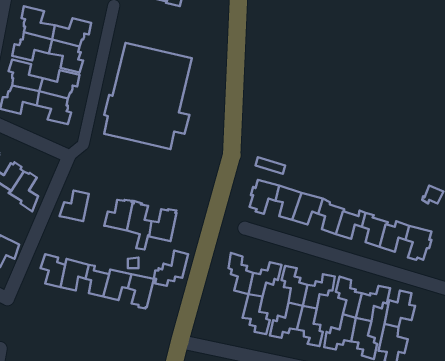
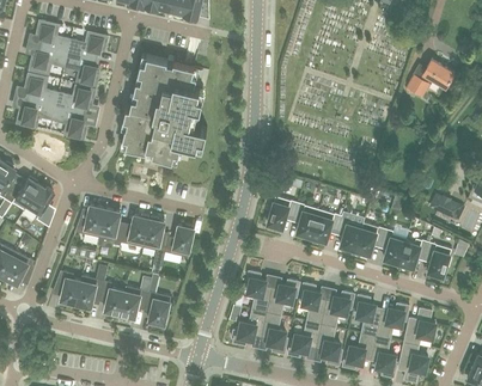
building: none -> [405,59,454,96]
building: none -> [99,210,124,246]
building: [154,251,188,286] -> [232,308,267,344]

